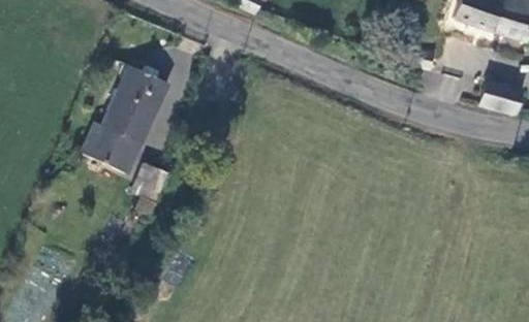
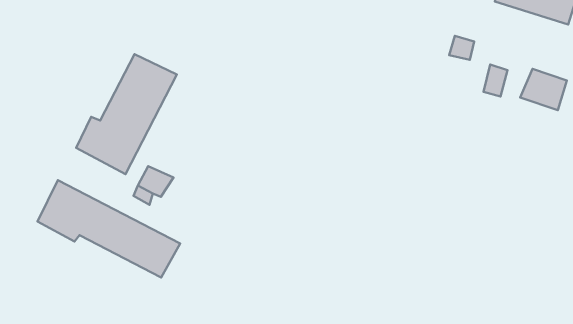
building: none -> [37,180,180,277]

